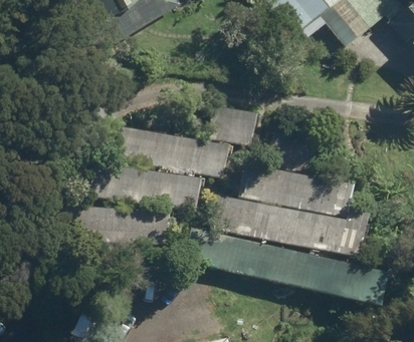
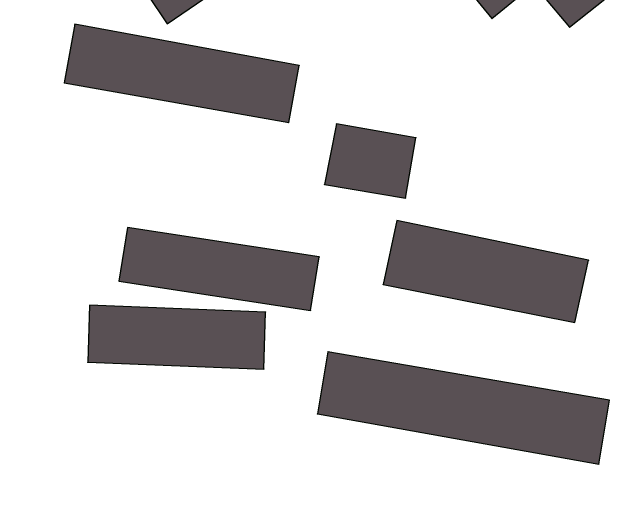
building: [96,122,233,180] -> [64,24,299,123]
building: [219,196,370,256] -> none

